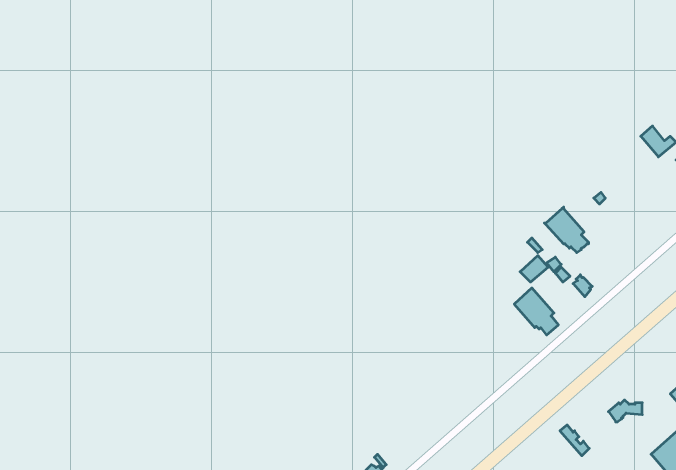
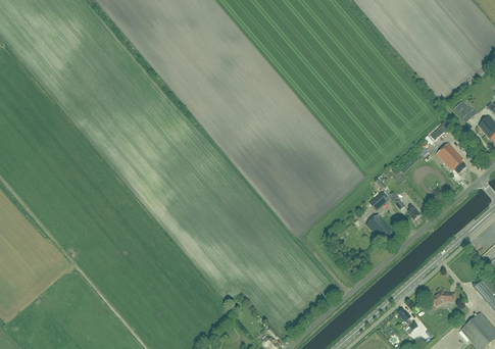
building: [544,207,589,253] -> [436,142,466,173]

